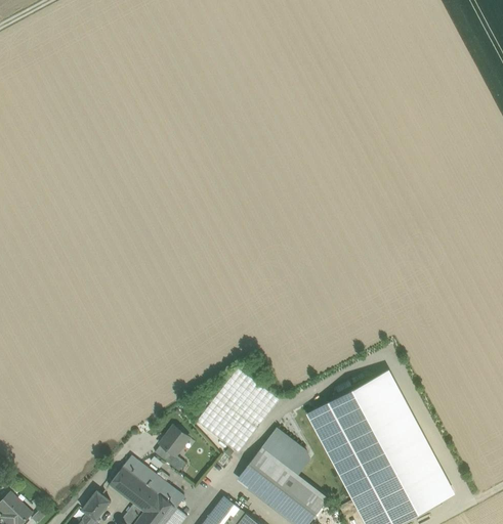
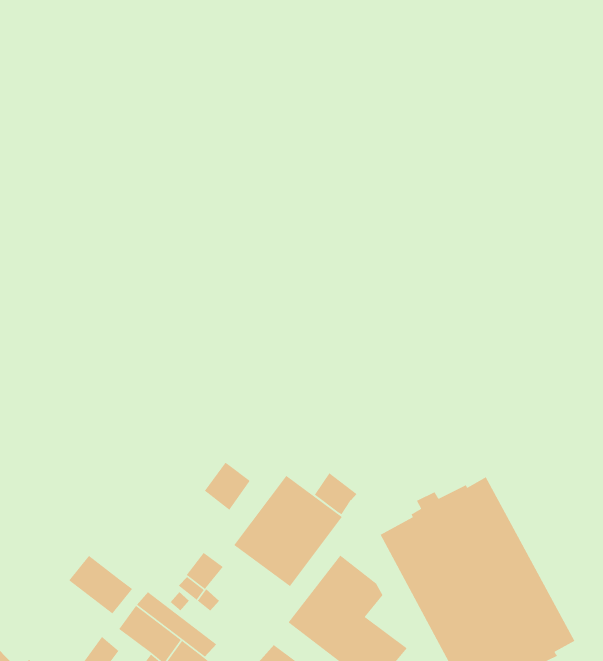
building: none -> [204,462,250,511]
building: none -> [314,472,358,515]
building: none -> [68,555,133,615]

